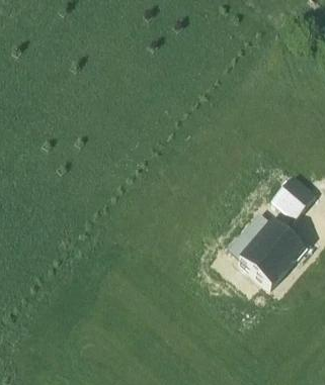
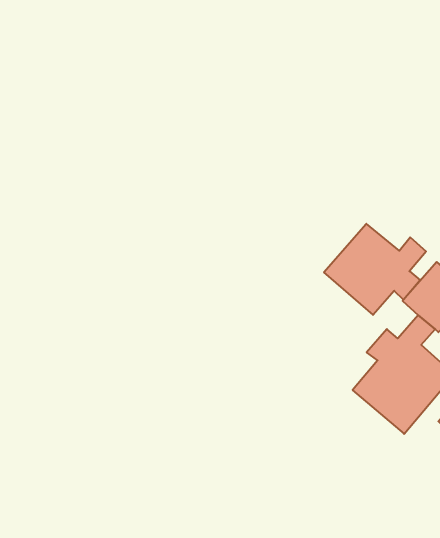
building: none -> [324,224,426,315]

